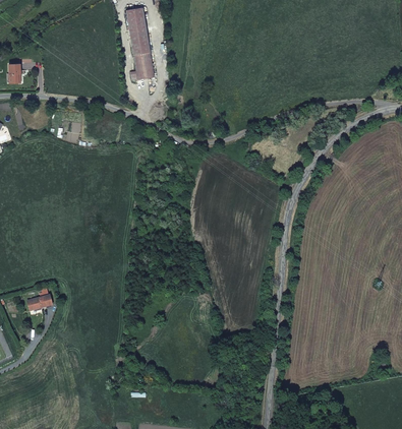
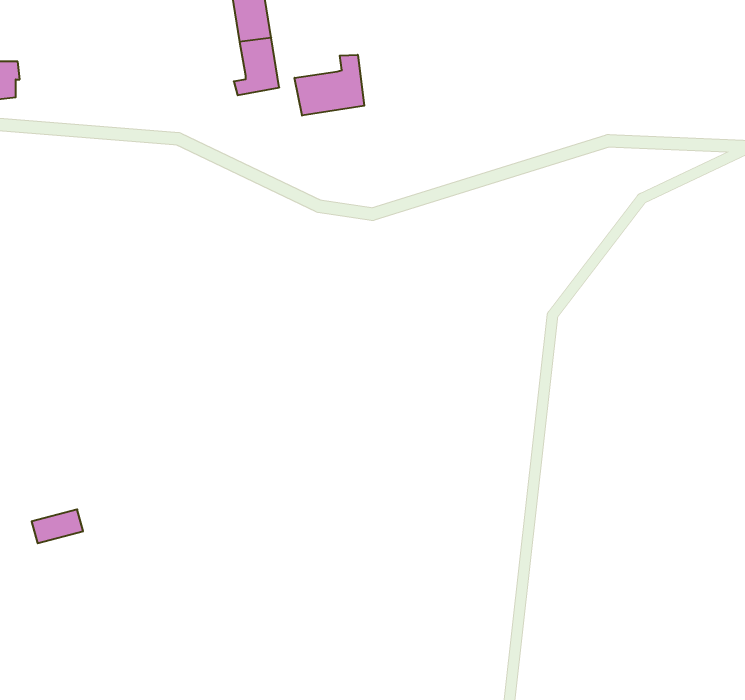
building: none -> [295,55,364,116]

